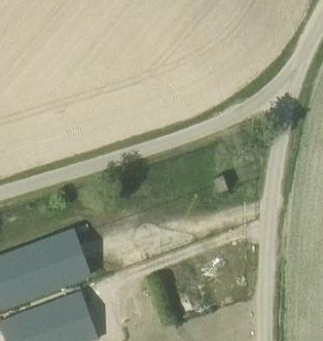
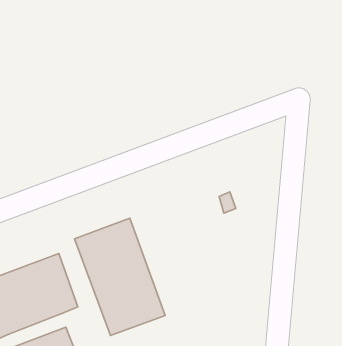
building: none -> [75,218,165,335]

